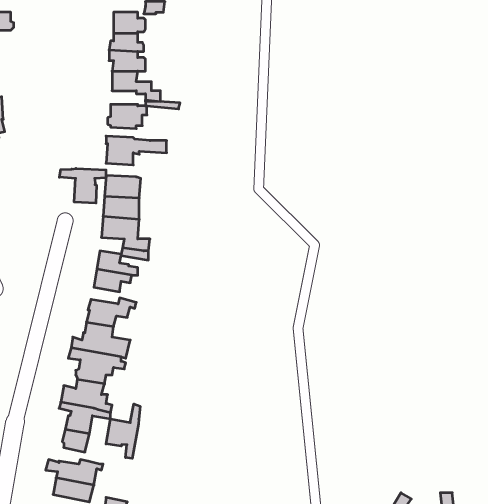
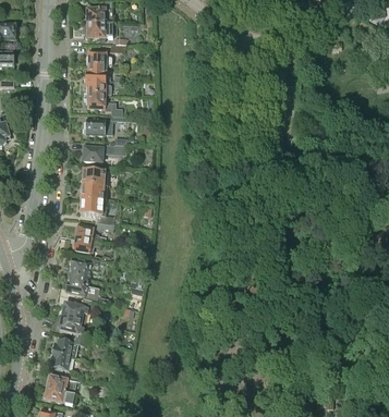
building: [59,168,106,203] -> none
building: [106,404,140,458] -> none

